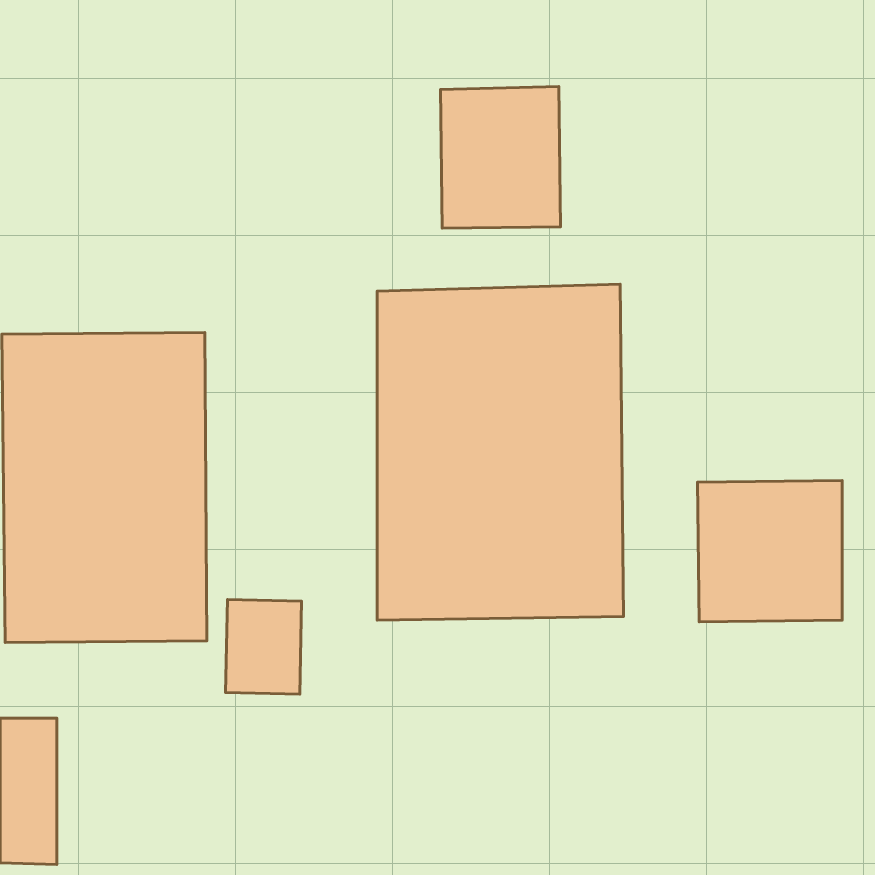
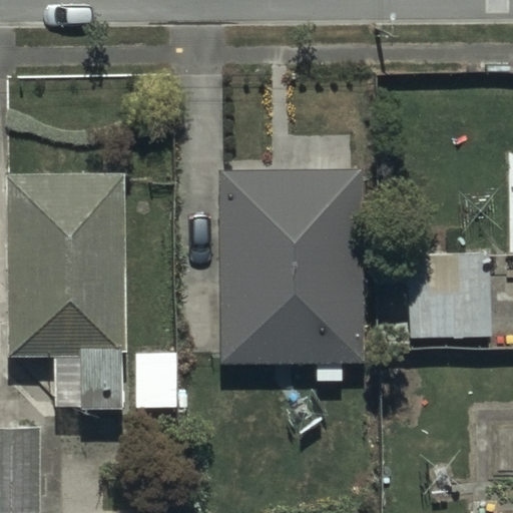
building: [441,87,560,228] -> none

